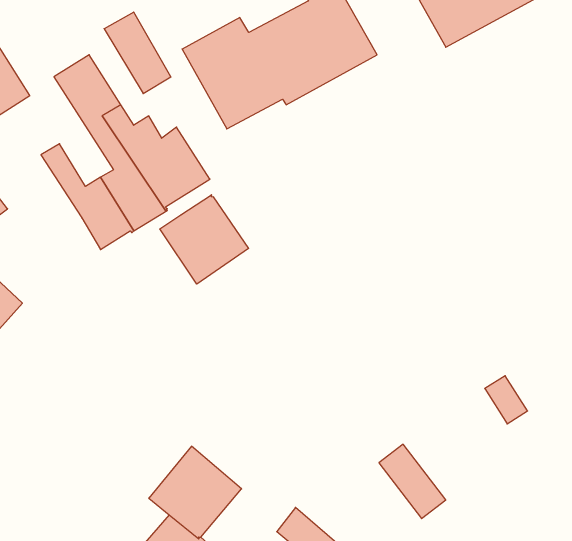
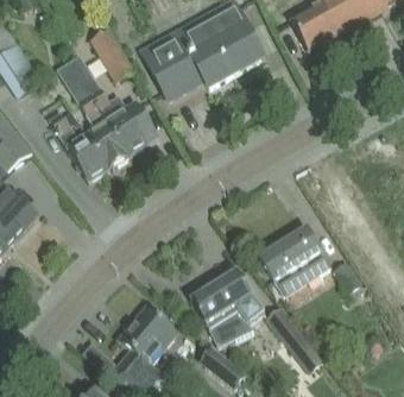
building: [160,195,249,284] -> none
building: none -> [260,226,330,291]
building: none -> [191,270,265,342]

